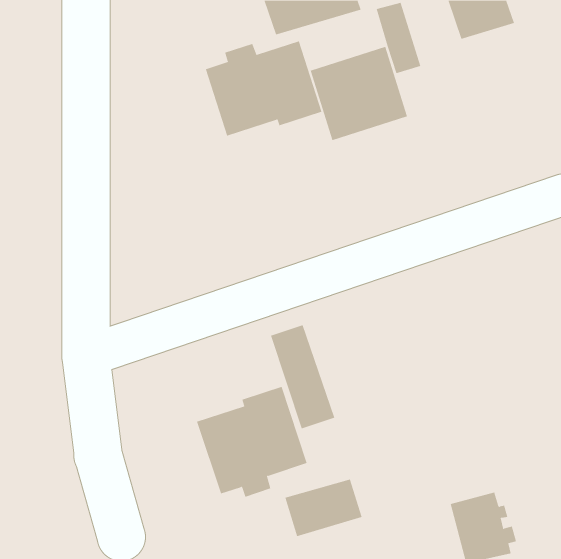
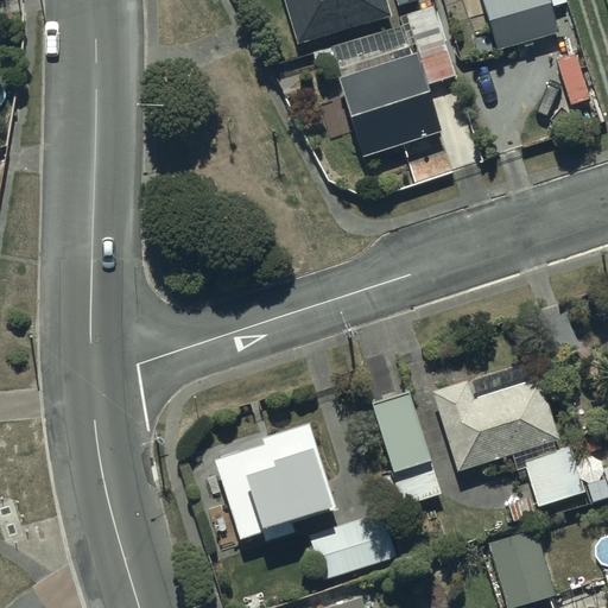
building: [205,41,322,136] -> none
building: [270,324,335,429] -> [374,392,444,505]
building: none -> [433,362,588,507]

